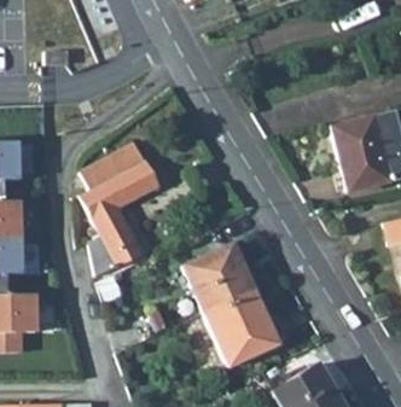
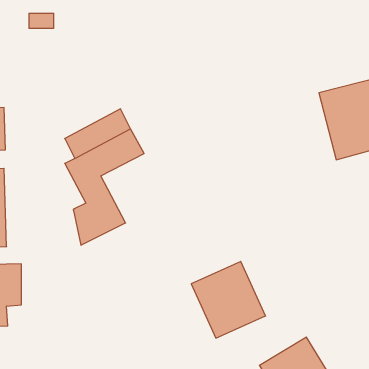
building: [184,243,254,312] -> none

